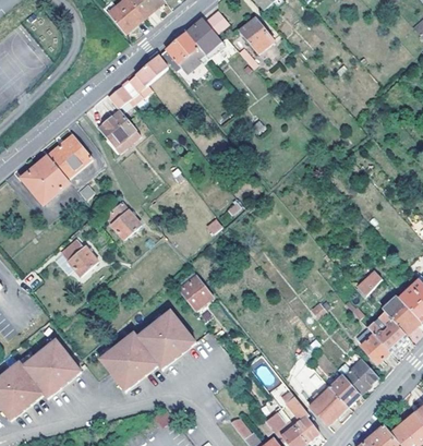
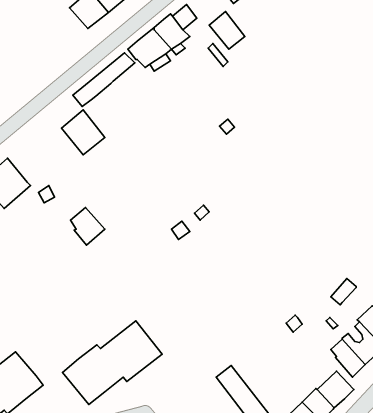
building: [48,135,92,179] -> none
building: [56,241,98,276] -> none
building: [178,275,213,311] -> none

